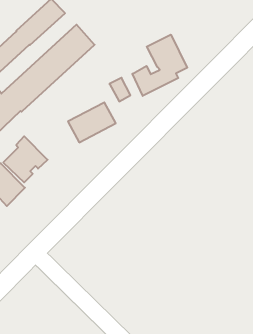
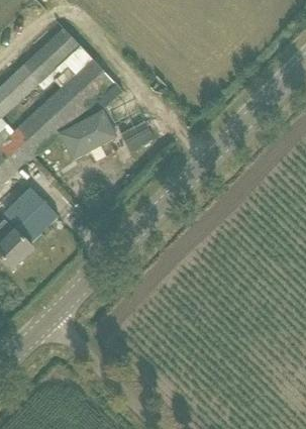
building: [132,35,187,96] -> none
building: [68,102,116,142] -> [60,111,115,157]

